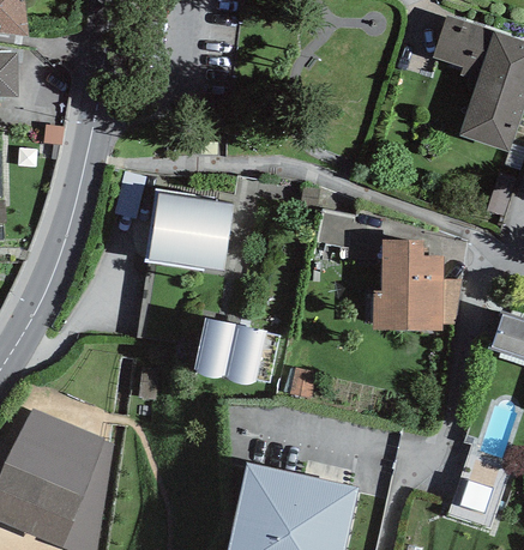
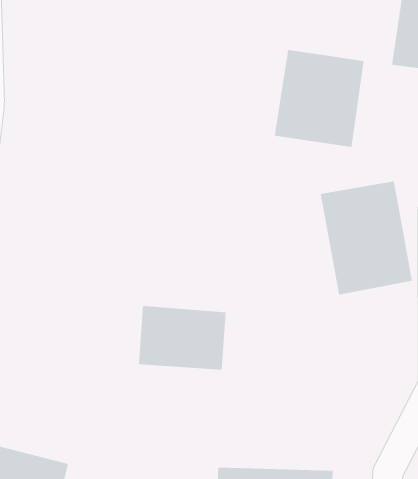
building: none -> [274,49,365,148]
building: [151,193,236,273] -> none

